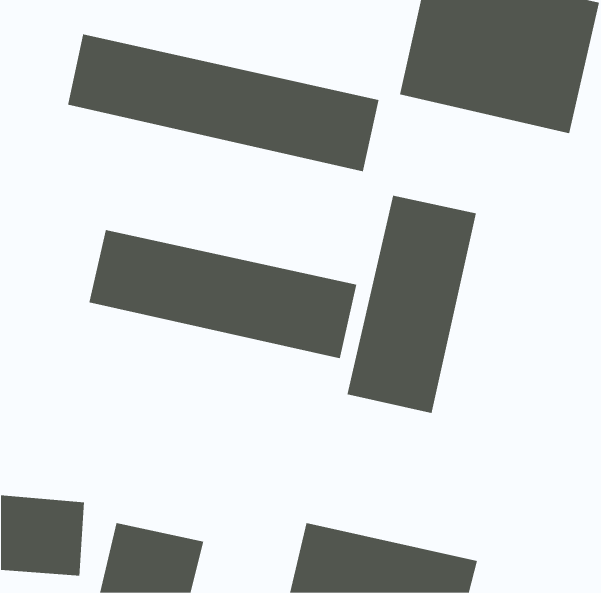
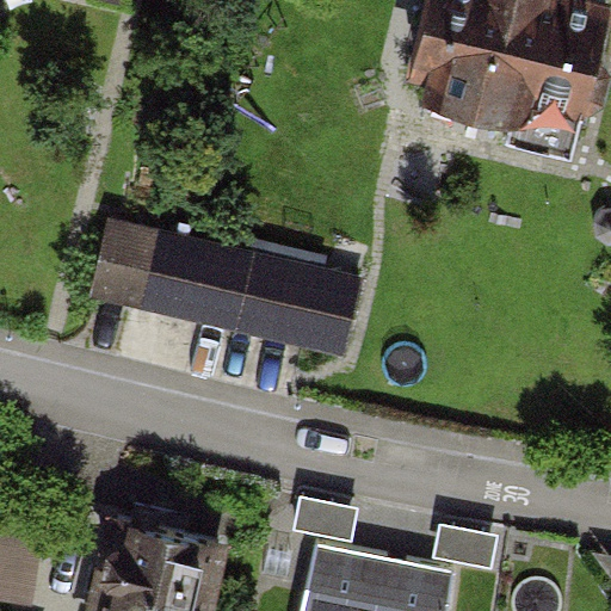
building: [67,34,379,172] -> none
building: [347,195,476,414] -> none

